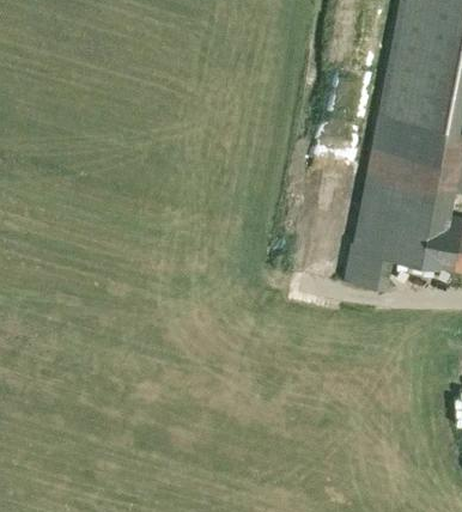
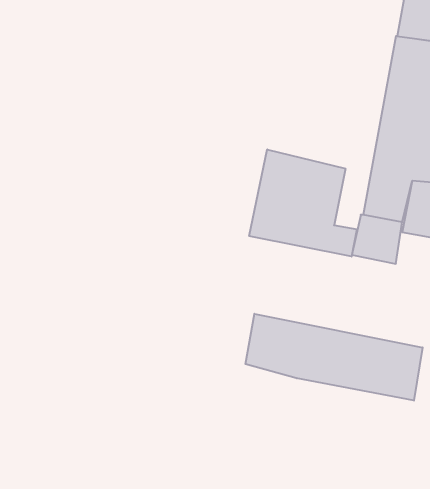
building: none -> [249,149,357,257]
building: none -> [245,314,423,401]

